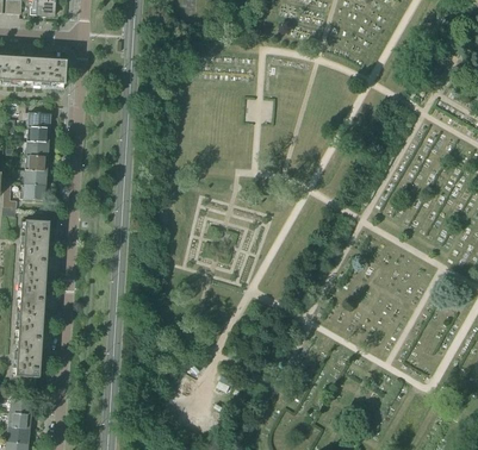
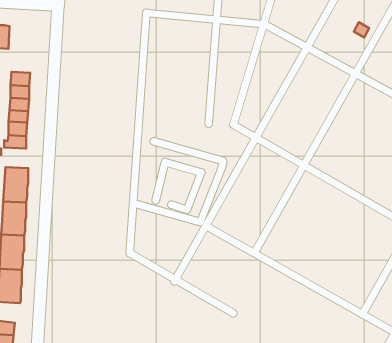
building: [25,57,66,86] -> none

